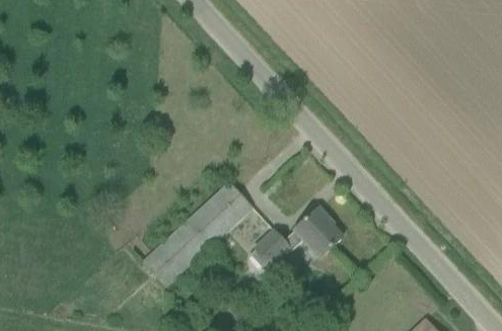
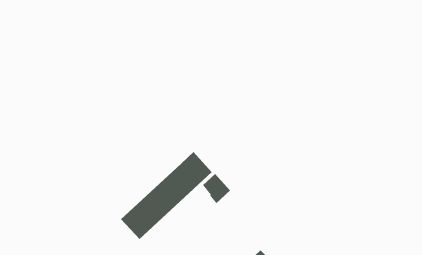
building: [246,210,342,273] -> none

